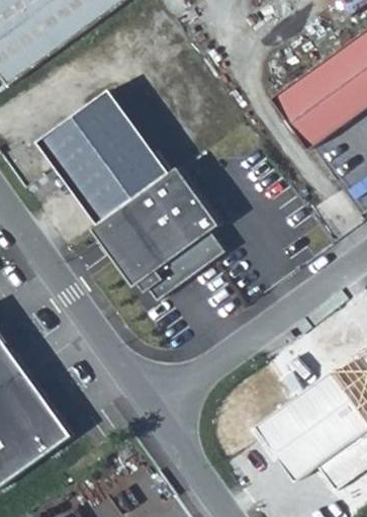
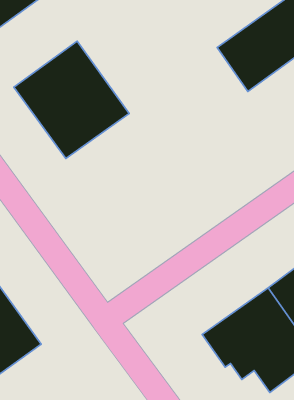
building: [92,166,224,299] -> none

